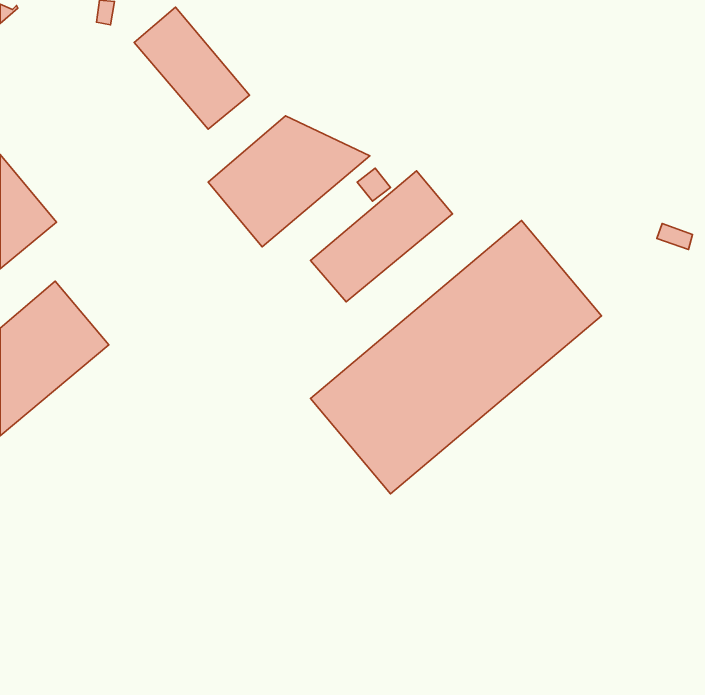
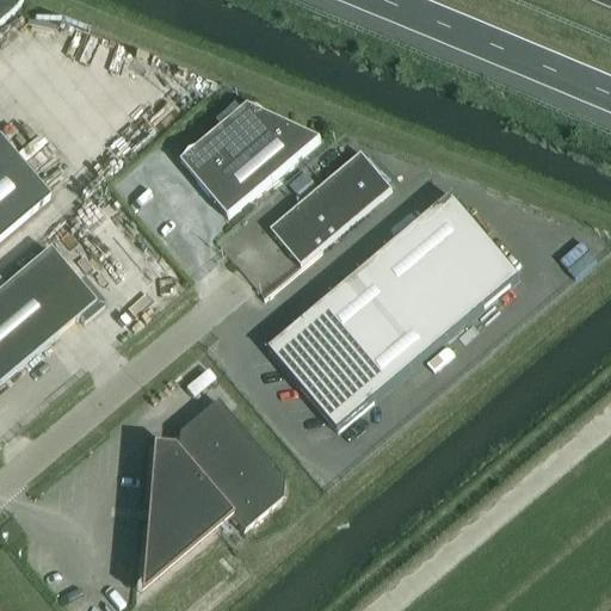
building: [134,7,249,129] -> none
building: none -> [138,395,283,590]

